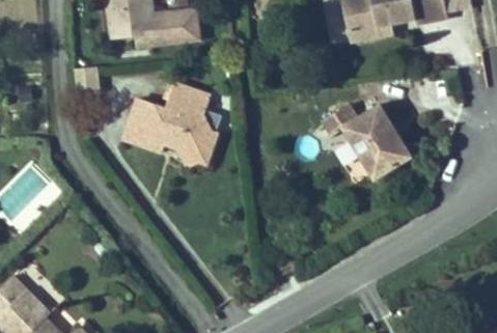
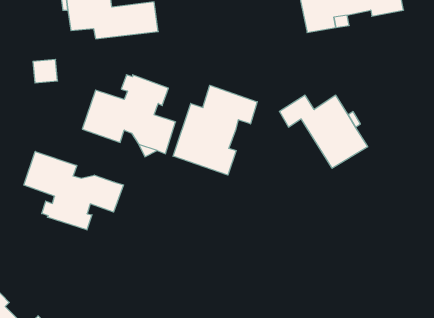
building: none -> [173,85,257,175]
building: none -> [24,151,124,230]

